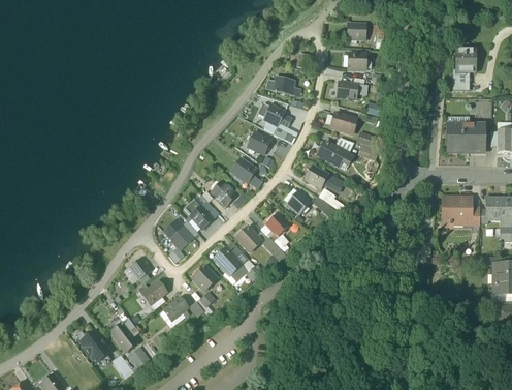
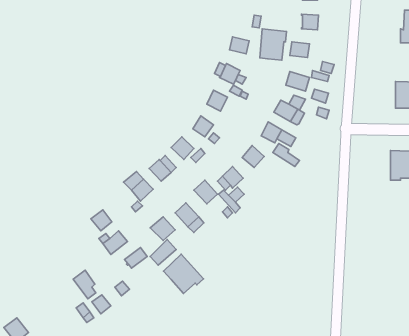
building: none -> [260,29,287,60]
building: none -> [164,254,203,294]
building: [82,331,109,361] -> none

